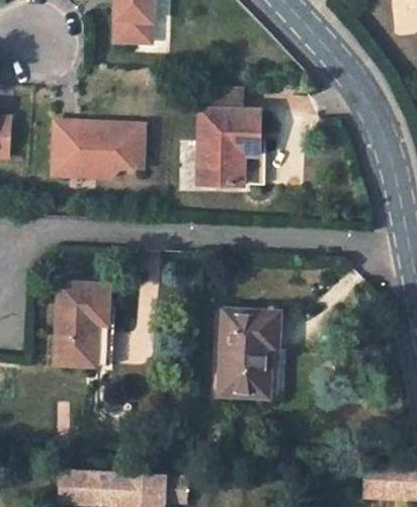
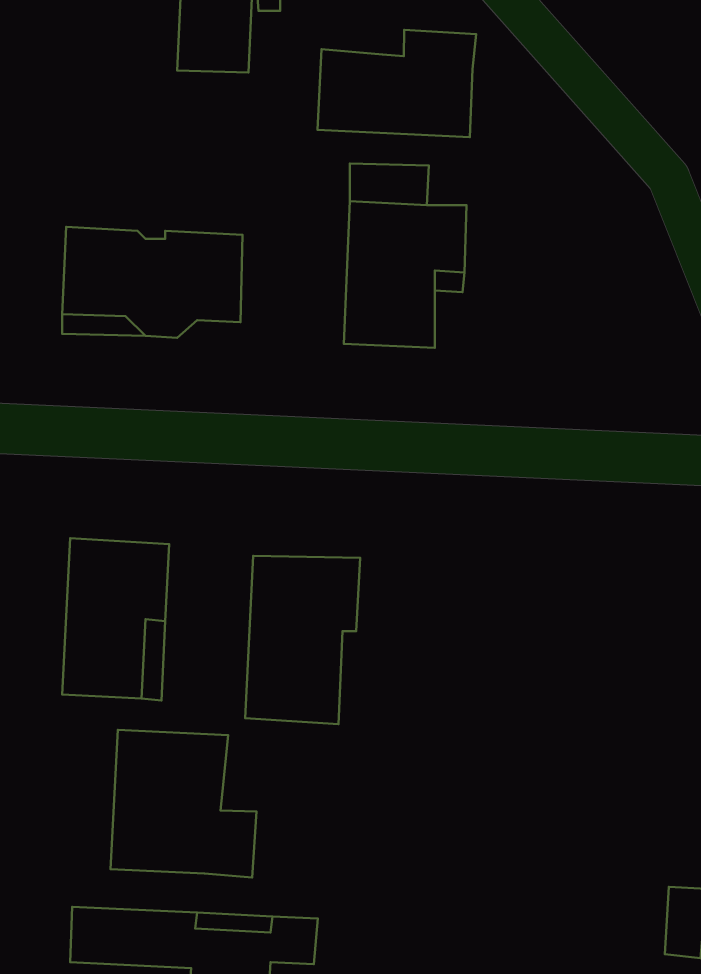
building: none -> [318,30,476,137]
building: [219,310,277,396] -> [245,556,360,724]
building: none -> [111,730,257,877]

